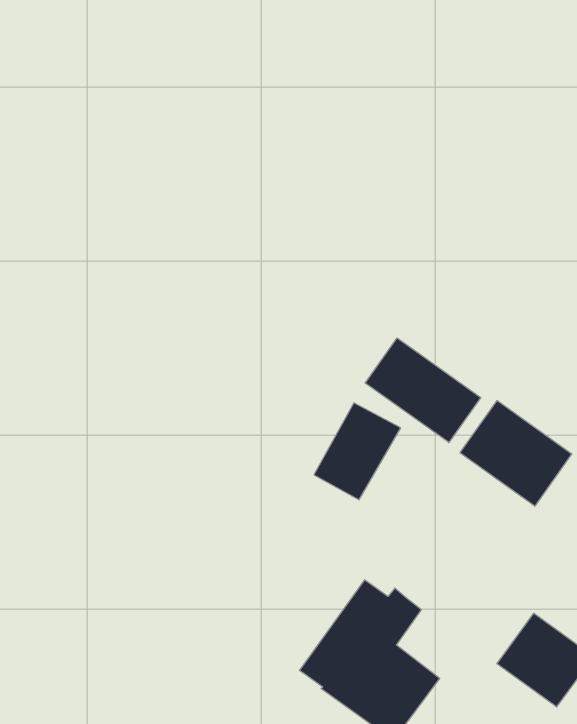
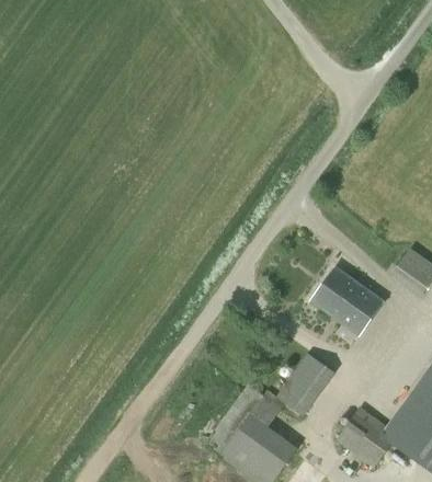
building: [365,338,481,443] -> none
building: [314,403,401,500] -> [283,348,340,412]

